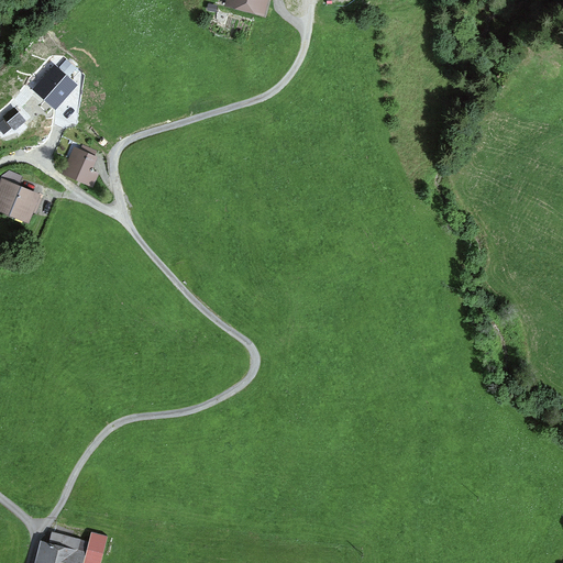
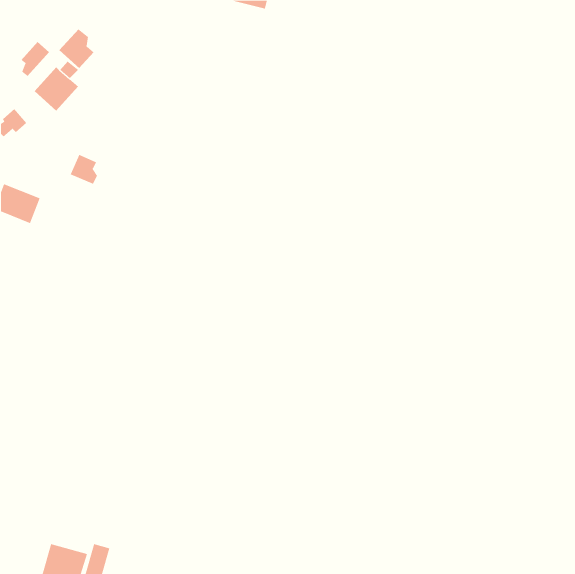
building: none -> [58,28,94,69]
building: none -> [20,41,50,77]

